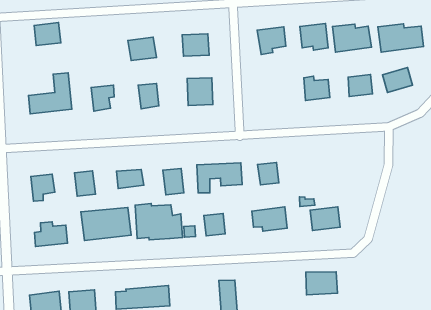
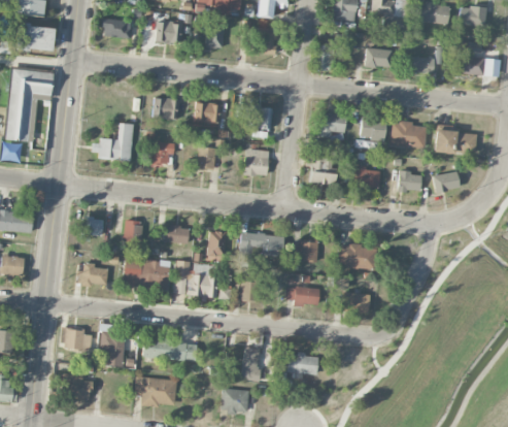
building: [34,23,61,46] -> [155,98,179,119]
building: none -> [310,156,337,185]
building: none -> [339,244,376,268]
building: [306,272,337,295] -> [286,352,318,376]

